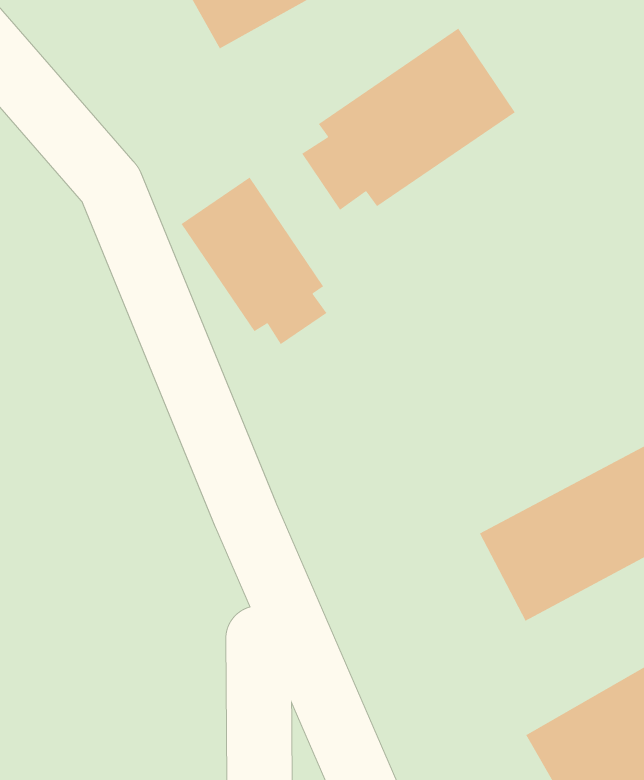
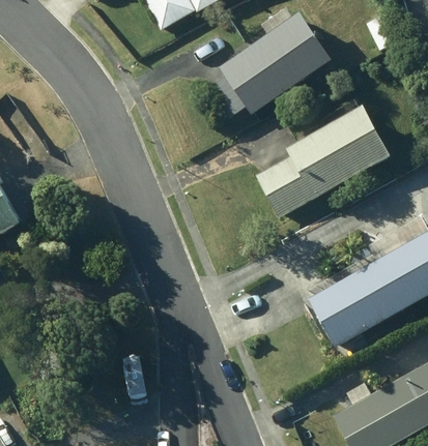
building: [181,176,327,345] -> none
building: none -> [256,109,389,218]

